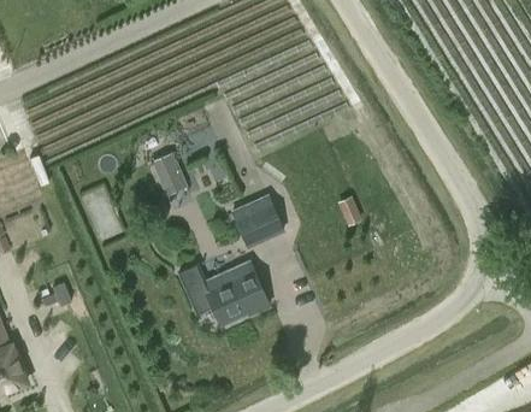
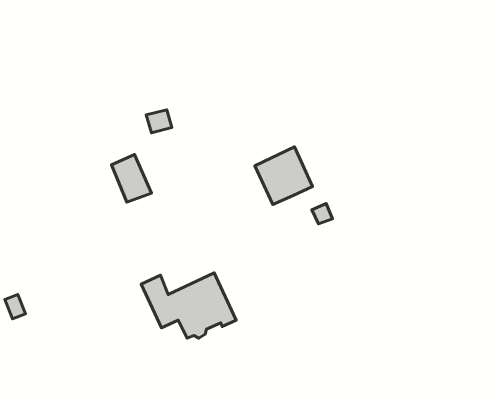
building: [231,194,285,248] -> [255,147,313,204]

